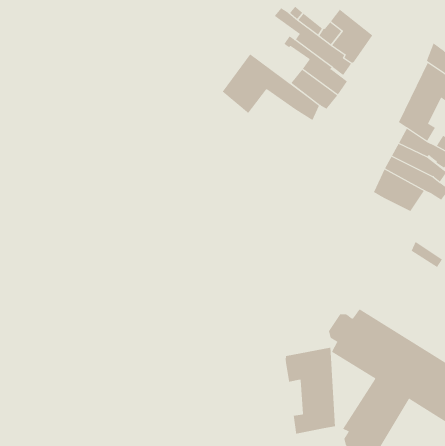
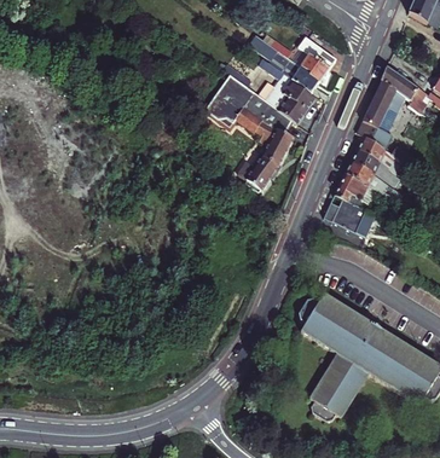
building: none -> [235,105,291,191]
building: none -> [332,198,376,236]
building: [285,347,335,434] -> none

